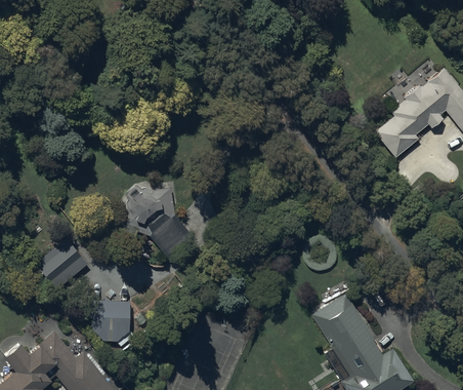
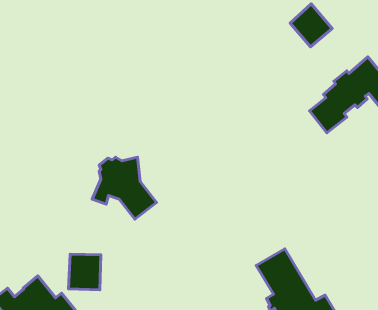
building: none -> [290,4,332,47]
building: [36,235,88,287] -> none

